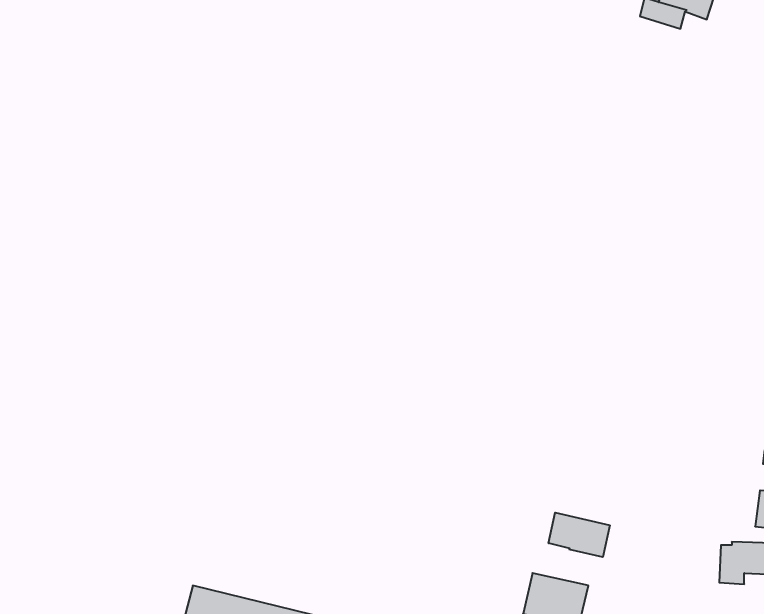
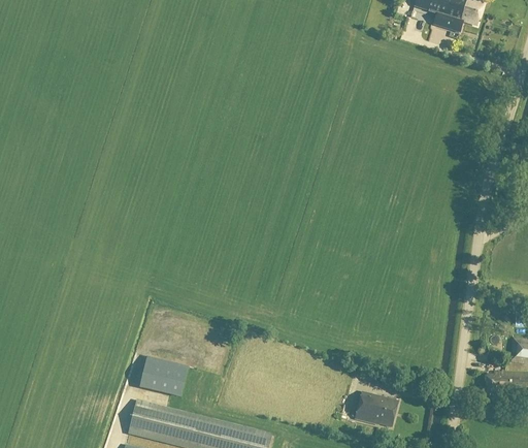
building: [549,513,610,557] -> none
building: none -> [138,356,186,396]

